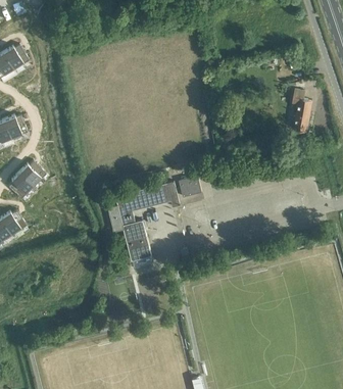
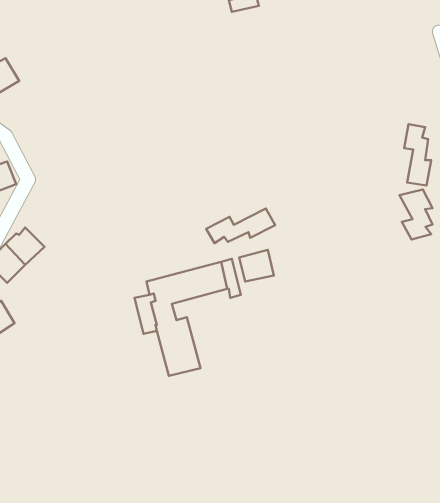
building: none -> [399,190,433,239]
building: none -> [206,208,275,243]

